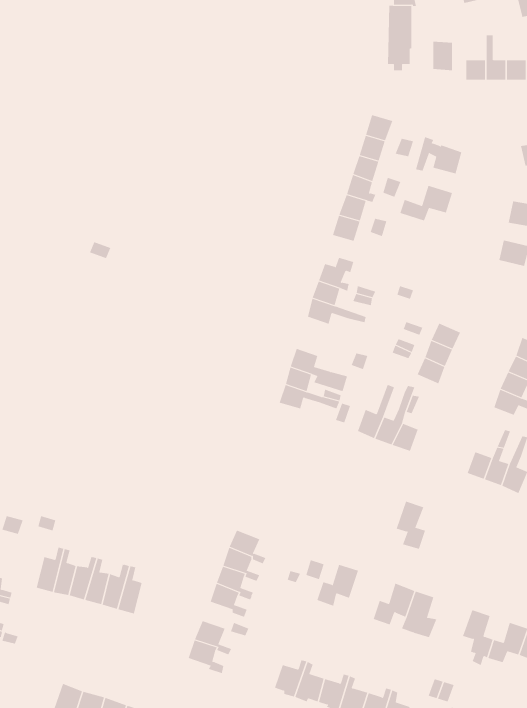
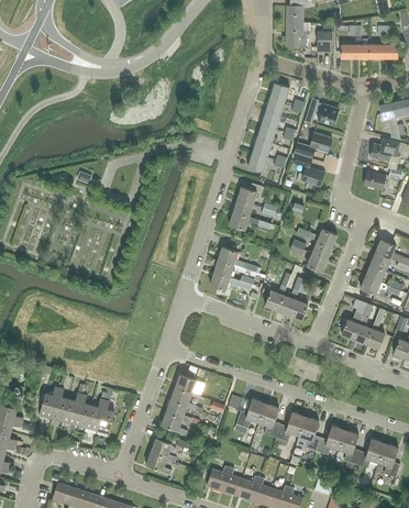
building: none -> [295,154,324,186]
building: [396,501,426,549] -> [259,402,280,437]
building: none -> [316,426,345,454]

